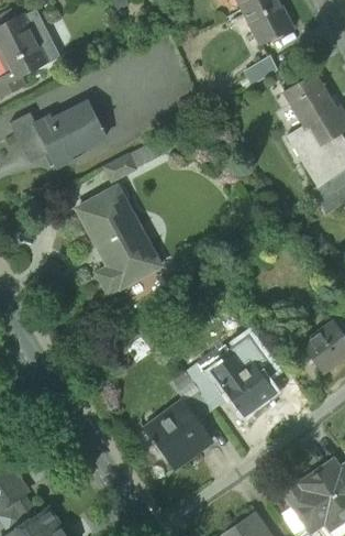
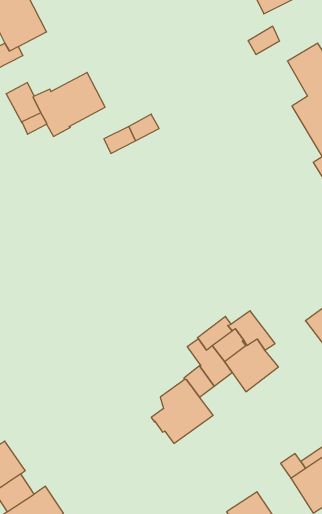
building: [77,187,159,292] -> none

